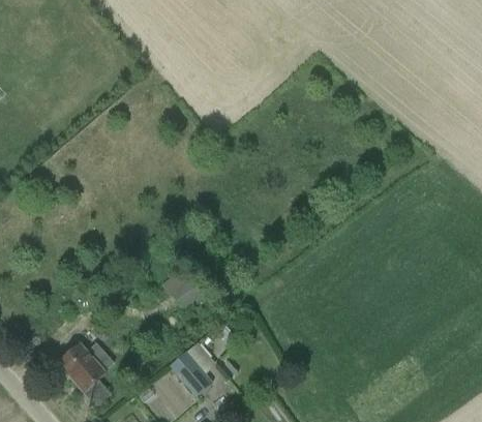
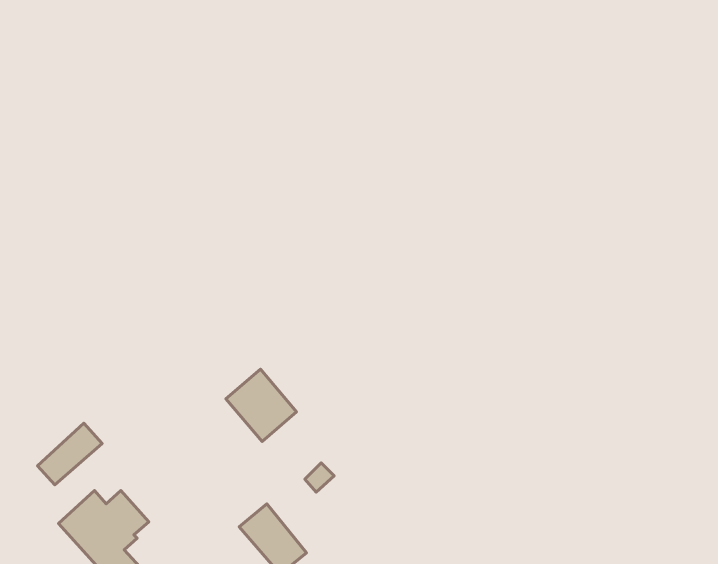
building: none -> [38,423,102,485]

